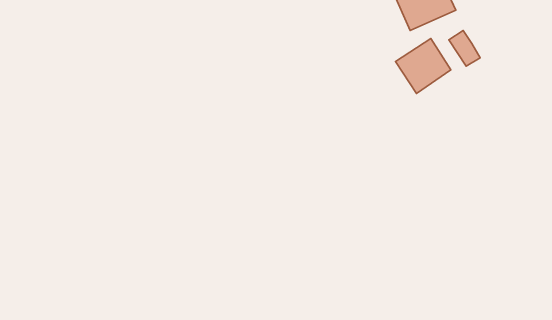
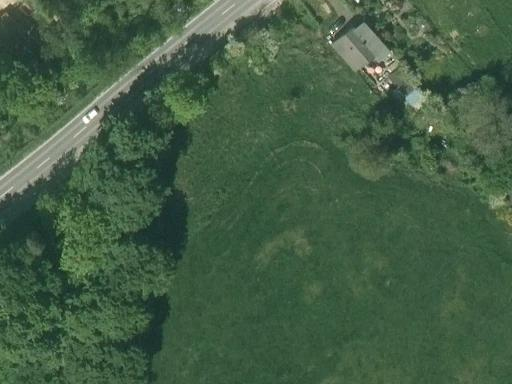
building: [396,38,451,93] -> none

